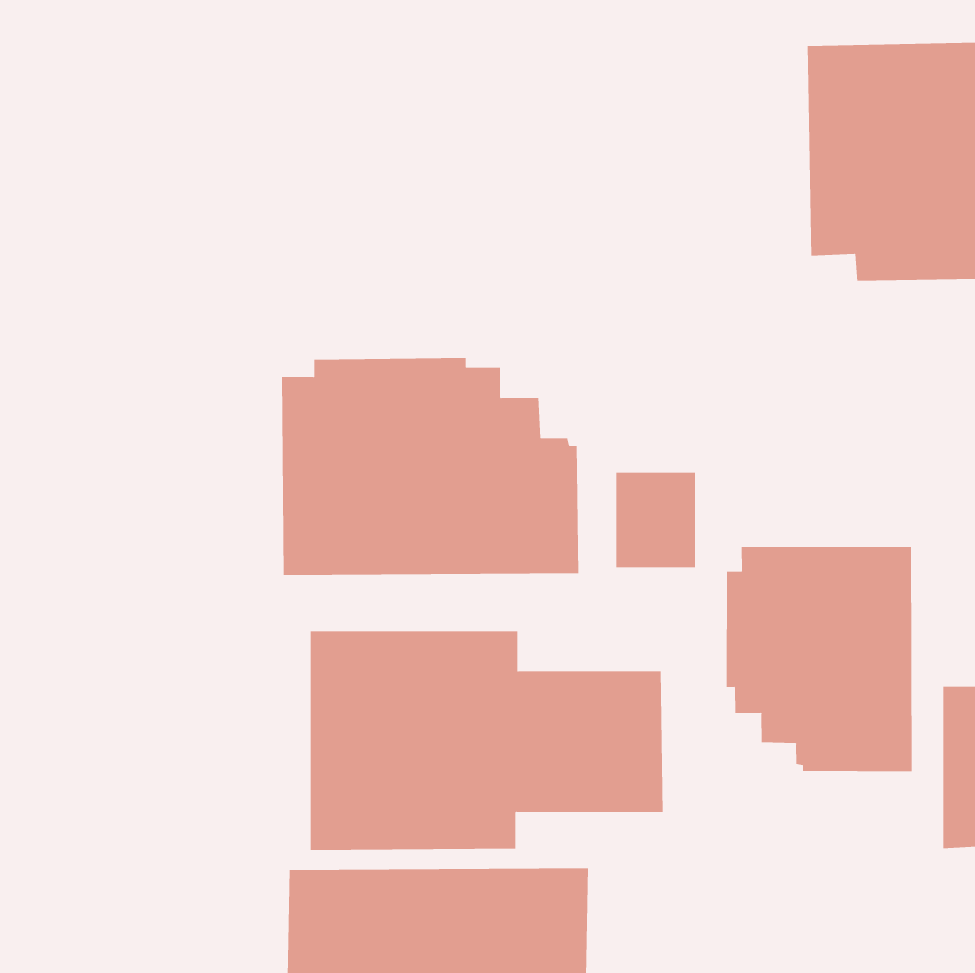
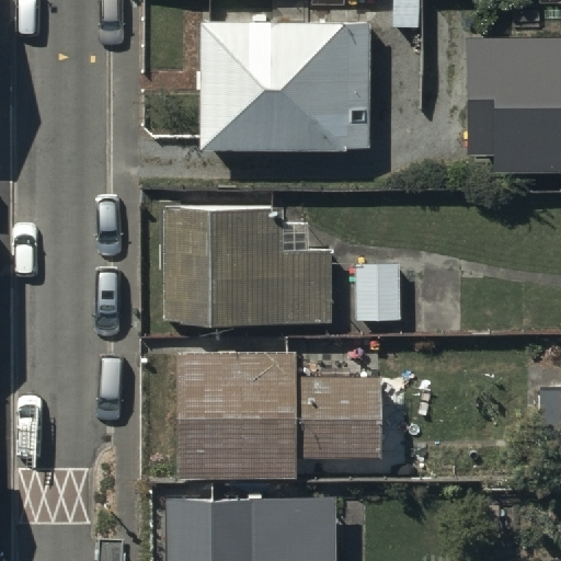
building: none -> [196,13,371,142]
building: [726,546,912,772] -> none

